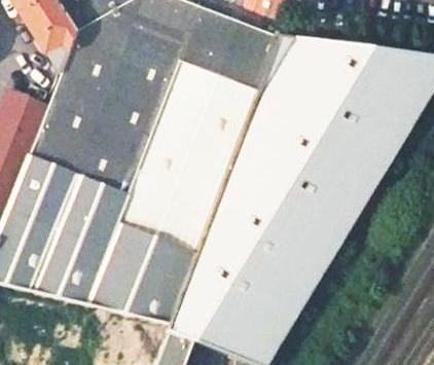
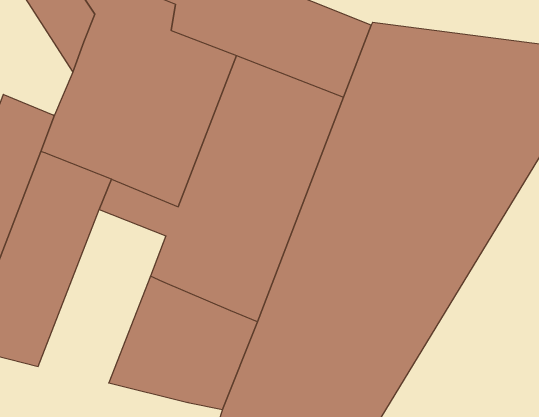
building: [34,174,129,302] -> none

